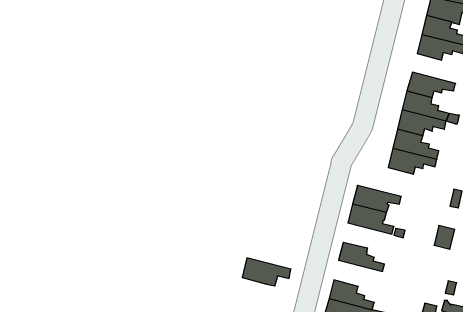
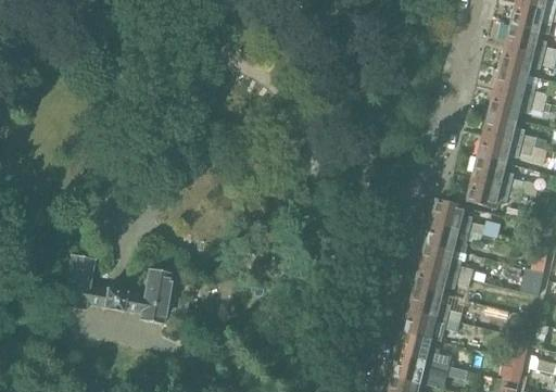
building: none -> [495,67,547,102]
building: none -> [431,198,484,233]
building: none -> [52,254,188,323]
building: none -> [415,264,471,293]
building: [242,258,291,286] -> [404,307,460,340]

